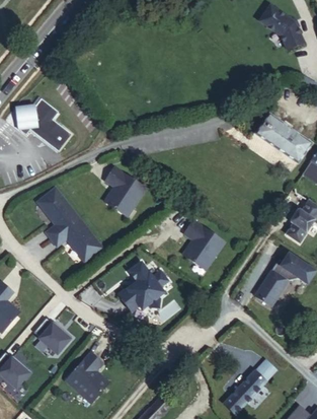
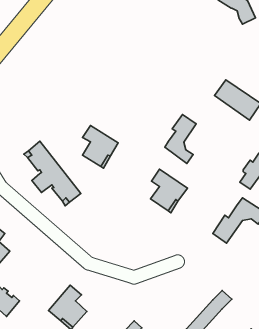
building: [18,97,73,150] -> none
building: none -> [165,114,196,164]
building: [116,262,168,311] -> none
building: [31,322,69,357] -> none

